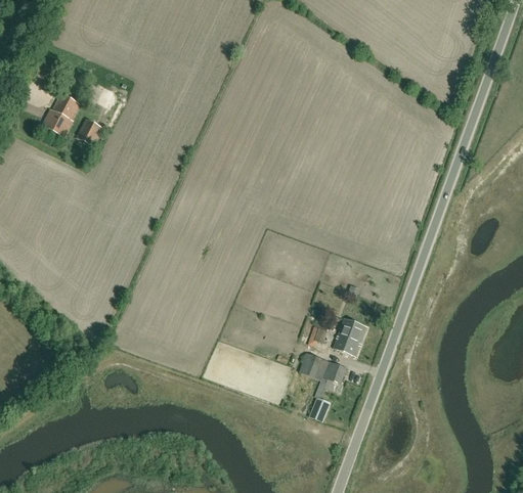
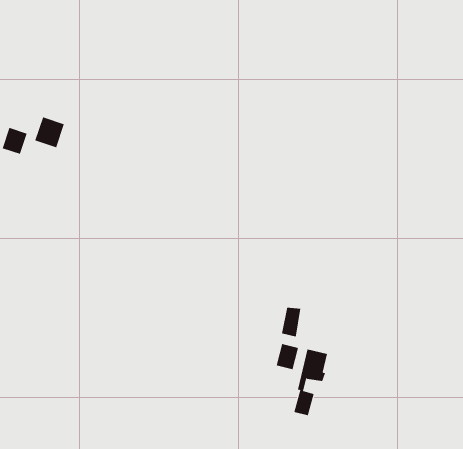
building: none -> [35,116,65,148]
building: [334,318,367,356] -> none

